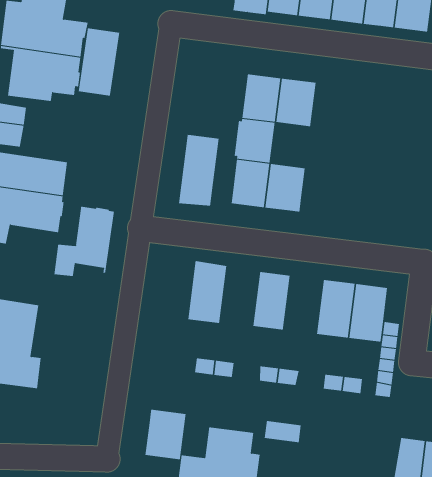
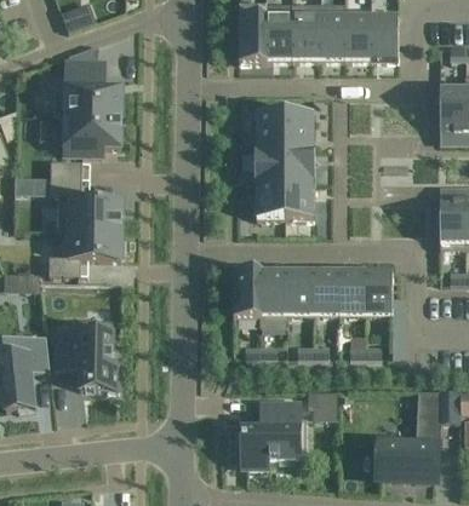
building: [78,27,120,97] -> none
building: none -> [284,148,314,182]
building: [178,133,219,206] -> [259,269,286,327]
building: [54,206,115,277] -> none
building: none -> [311,270,338,315]
building: [145,409,186,460] -> none

